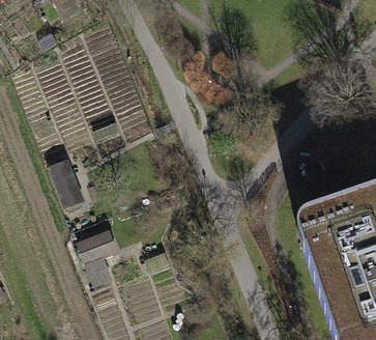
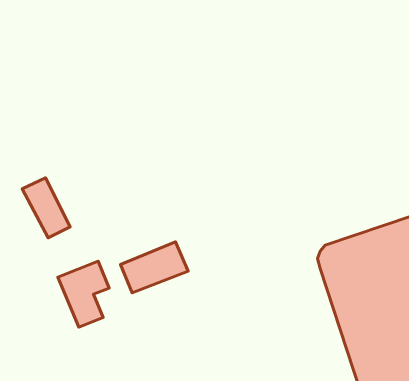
building: none -> [121,242,188,293]

